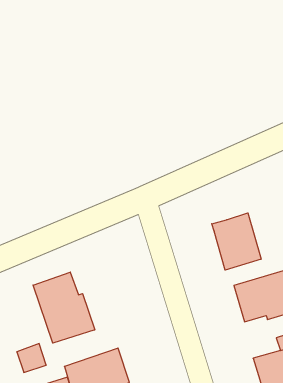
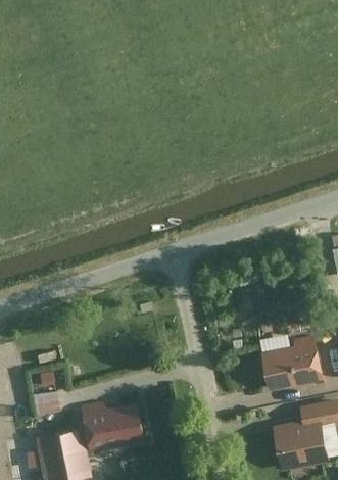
building: [212,213,261,270] -> none
building: [33,272,95,343] -> none

